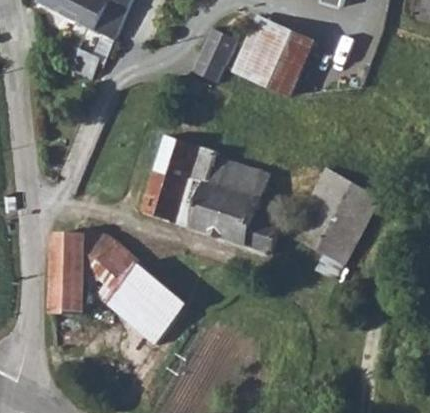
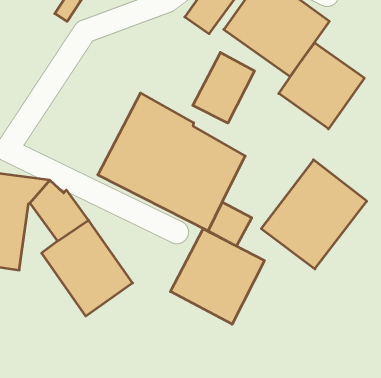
building: none -> [279,43,364,129]
building: none -> [193,52,254,123]
building: none -> [170,229,264,324]

